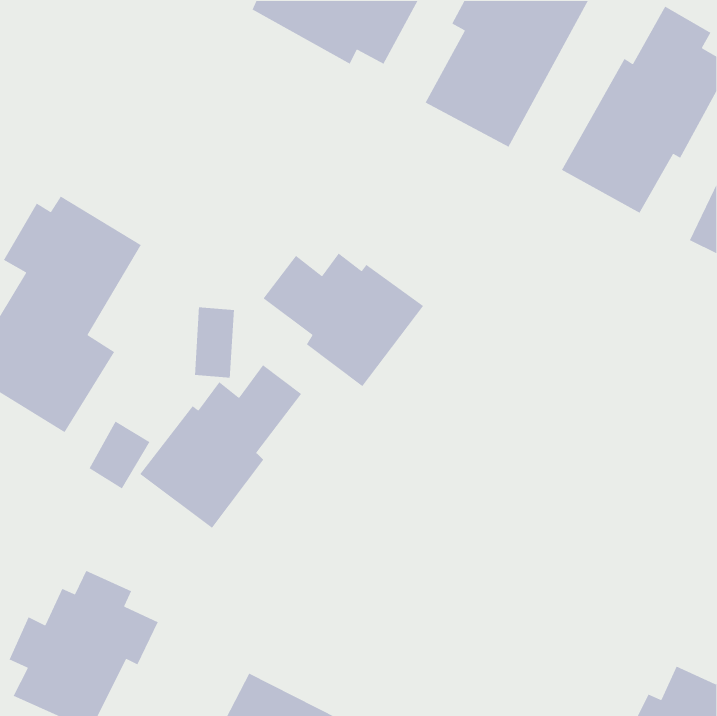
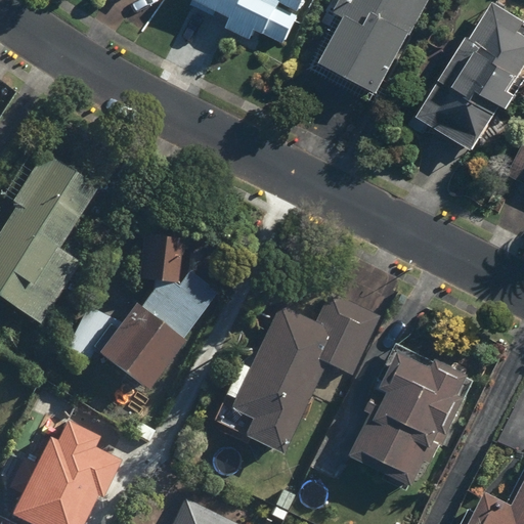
building: [263,253,424,387] -> none
building: none -> [209,291,382,448]
building: none -> [359,345,481,492]

